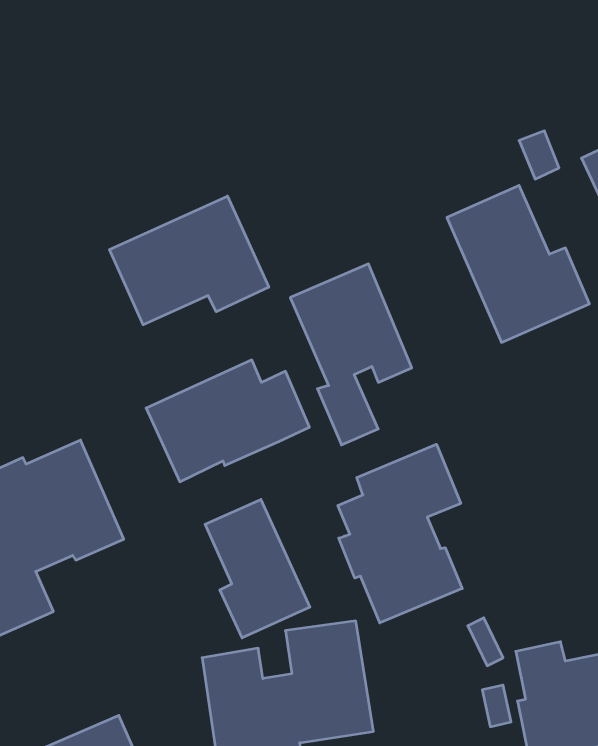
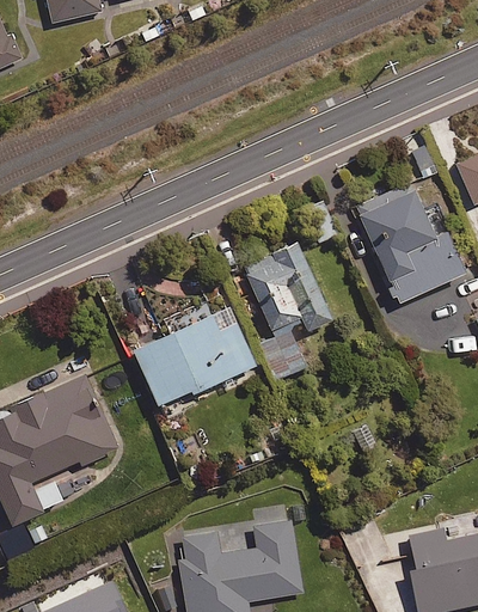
building: [109,196,269,325] -> none
building: [338,444,462,623] -> none
building: [205,499,310,638] -> none

